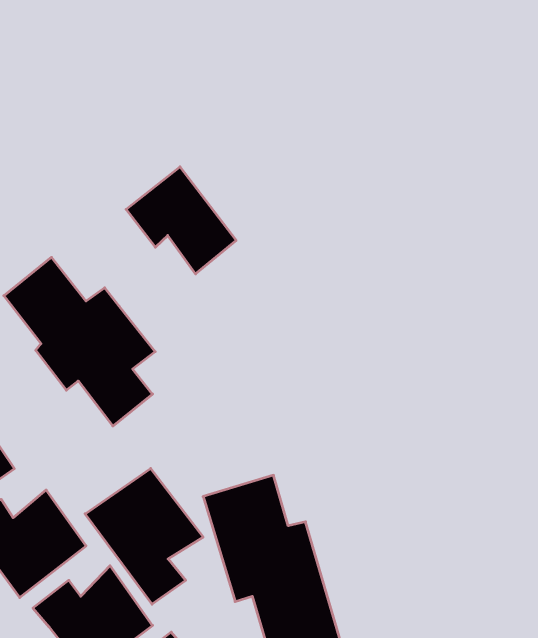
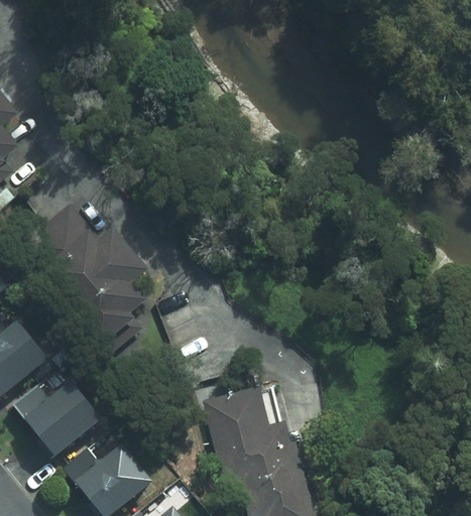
building: [126,167,236,274] -> none
building: [85,468,203,604] -> none

